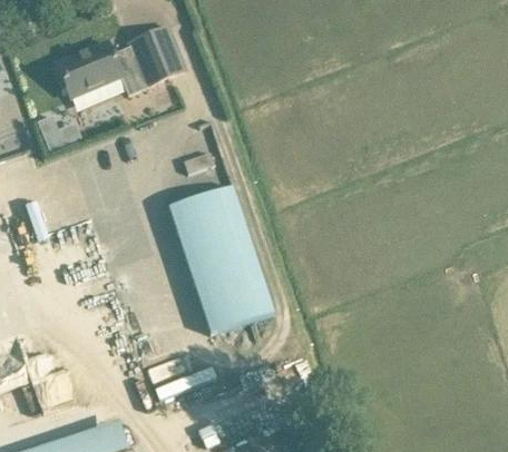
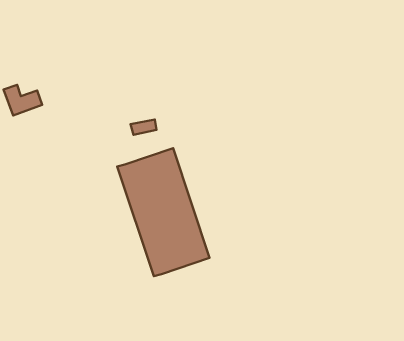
building: [57,24,188,98] -> none

